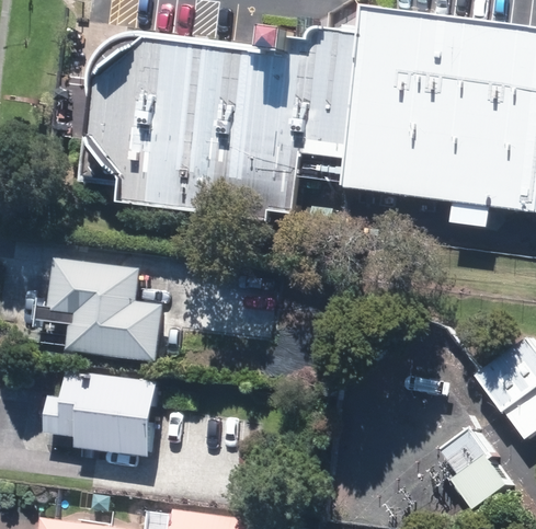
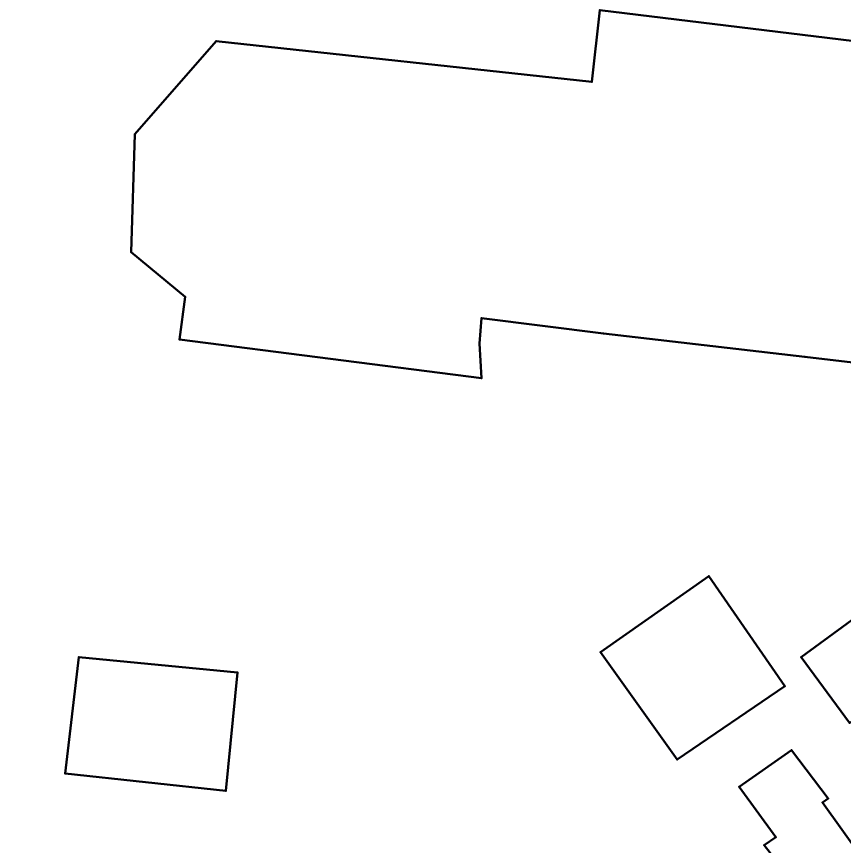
building: [45,255,160,358] -> none
building: none -> [601,576,785,760]

